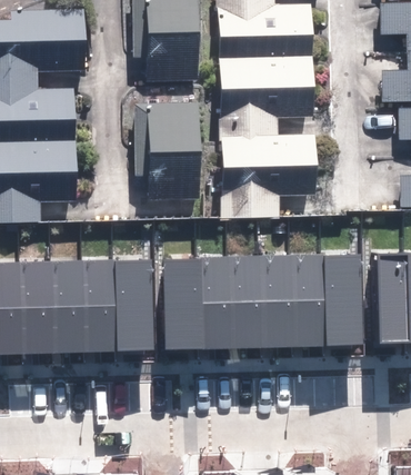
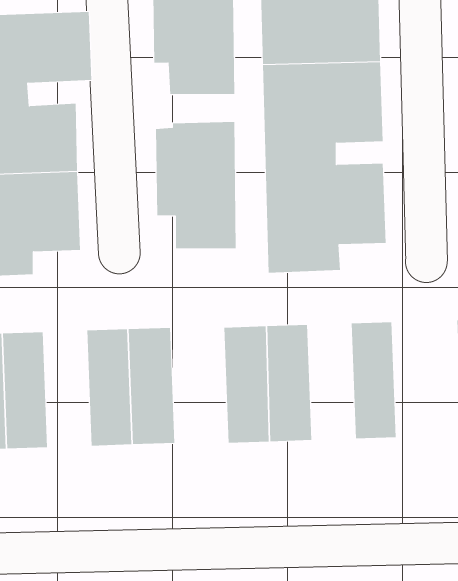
building: [321,254,358,345] -> none
building: [255,256,292,347] -> none
building: [157,259,193,350] -> none
building: [50,261,87,353] -> none

